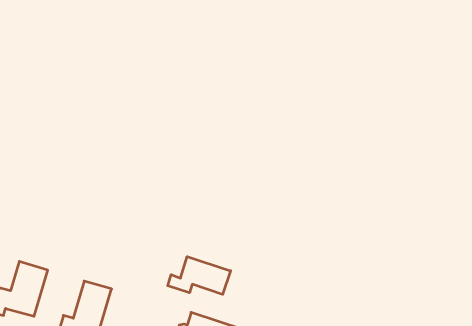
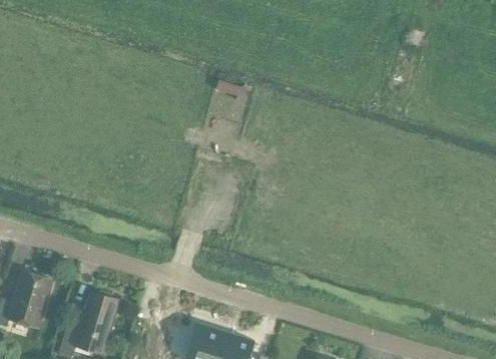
building: [168,257,231,294] -> none

